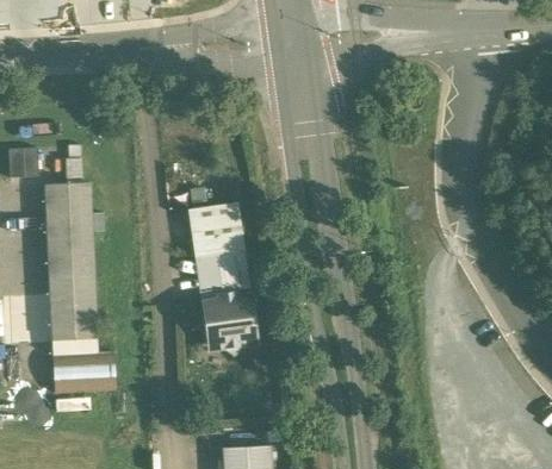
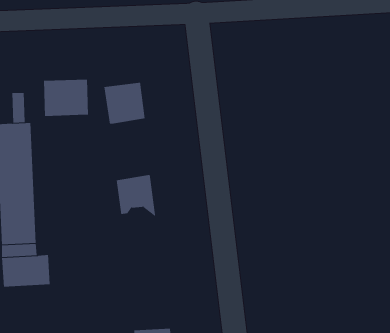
building: none -> [44,79,89,117]
building: [188,202,242,256] -> [104,82,146,124]
building: [197,290,256,355] -> none

